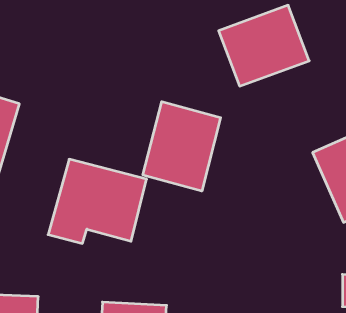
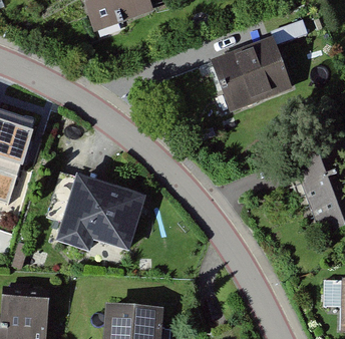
building: [143,102,221,191] -> none

